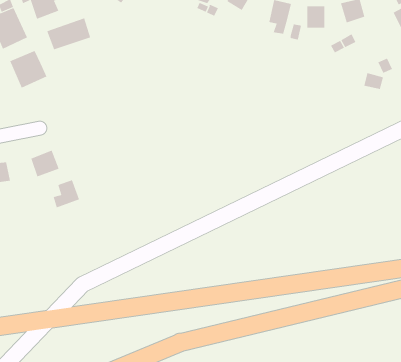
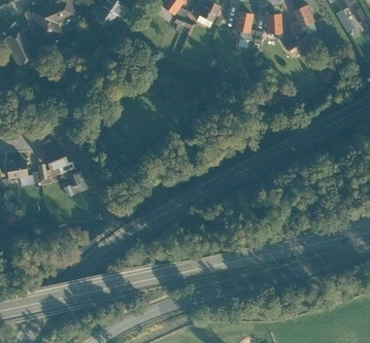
building: [46,18,91,50] -> none
building: [10,50,47,88] -> none

